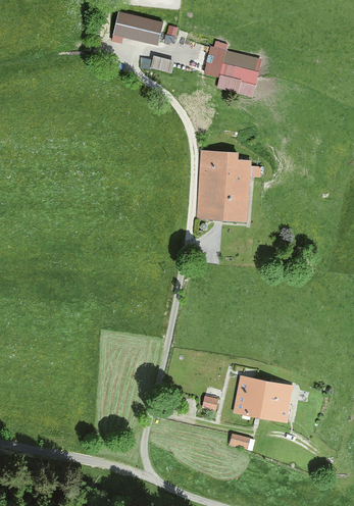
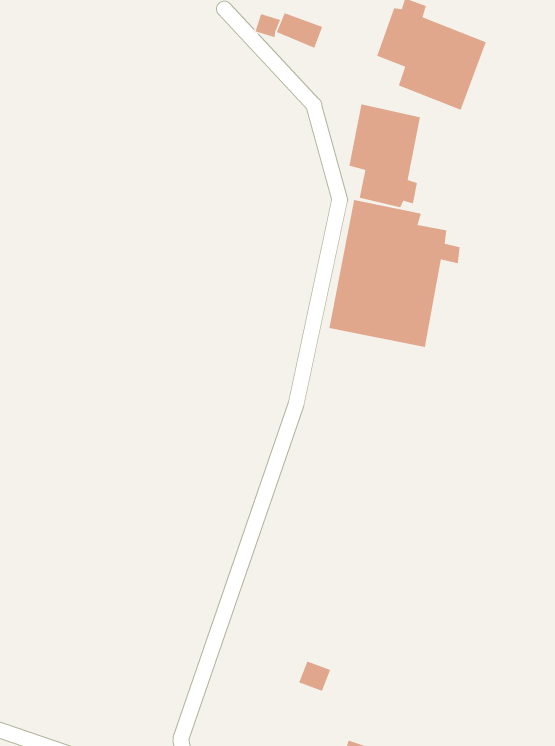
building: none -> [348,104,421,208]
building: [234,375,292,421] -> none

